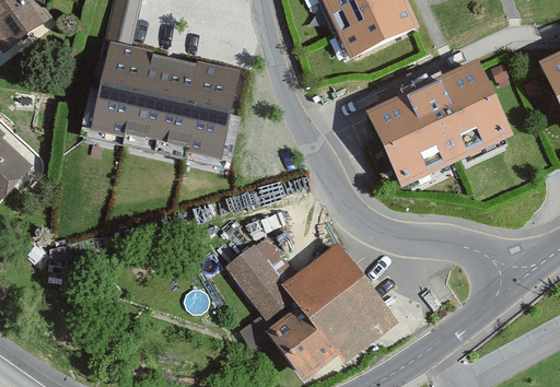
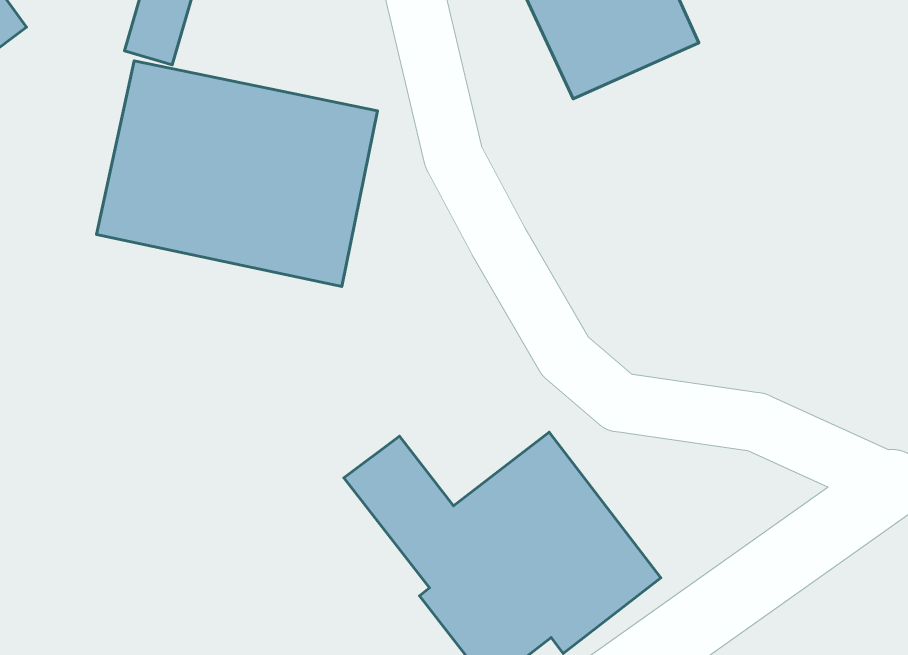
building: [365,62,511,187] -> none

